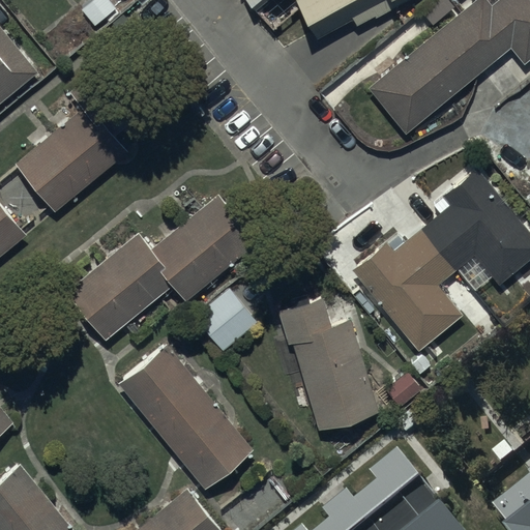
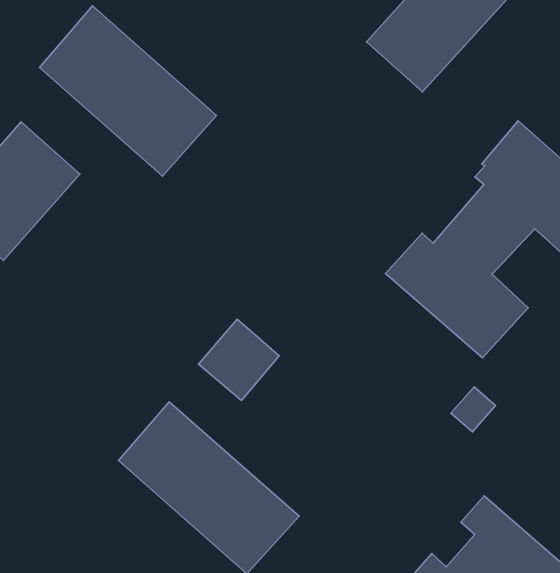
building: none -> [40,6,217,176]
building: [65,194,259,341] -> none
building: [277,297,379,430] -> none

